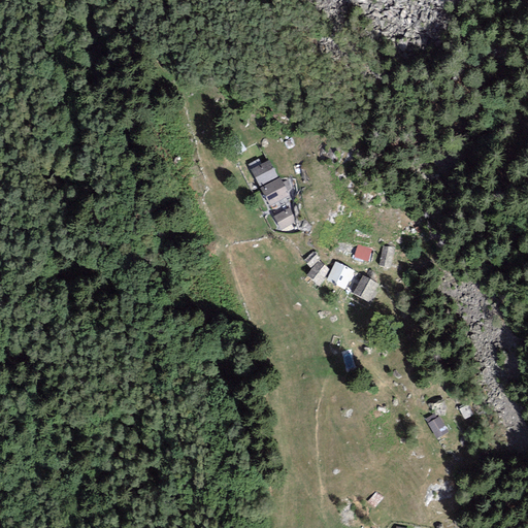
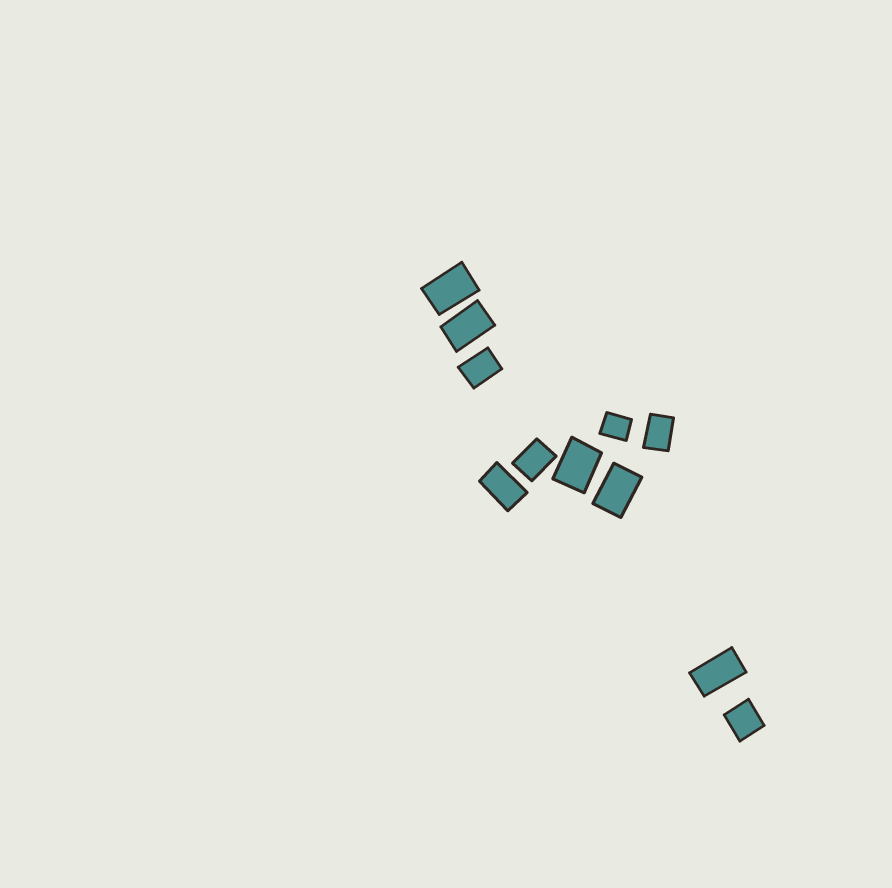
building: none -> [479,463,527,511]
building: none -> [689,647,746,696]

